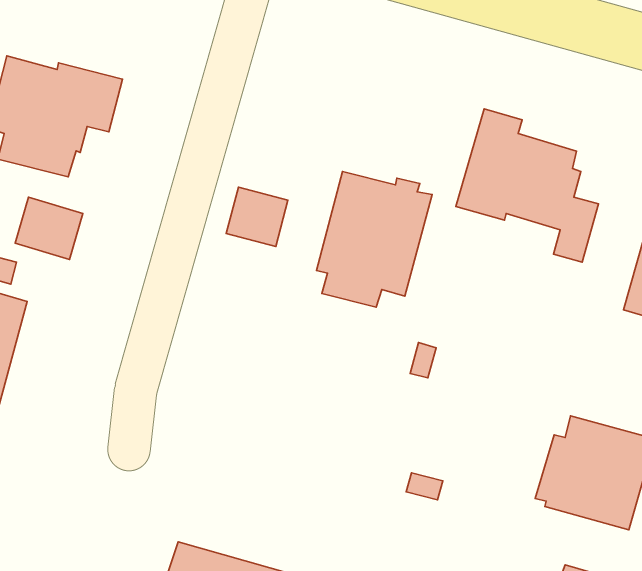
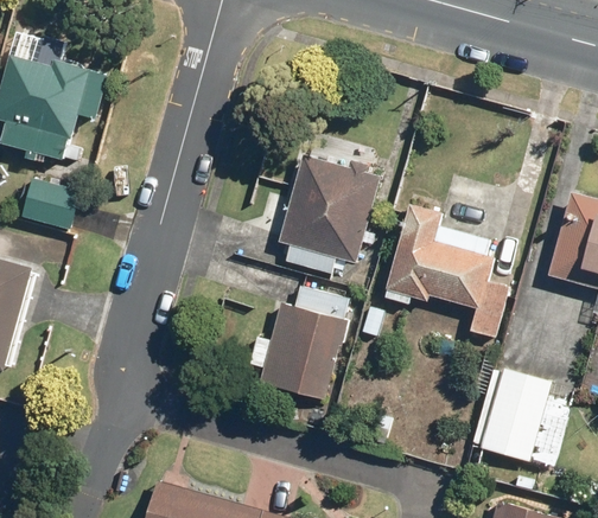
building: [456,109,598,262] -> [384,204,509,338]
building: [226,187,288,247] -> none
building: none -> [249,286,349,401]

